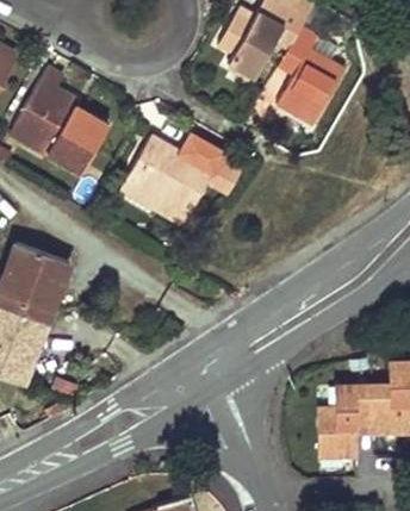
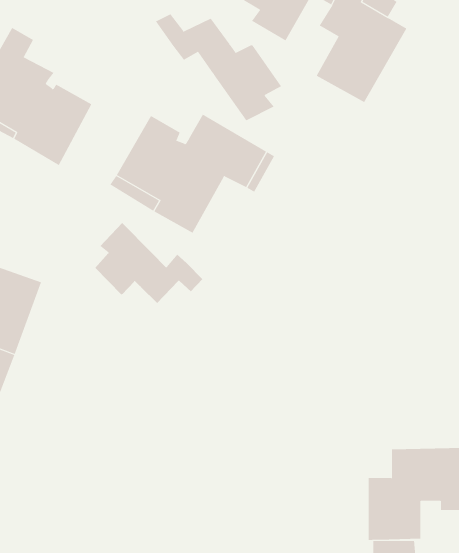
building: none -> [155,14,282,121]
building: none -> [95,222,203,304]

